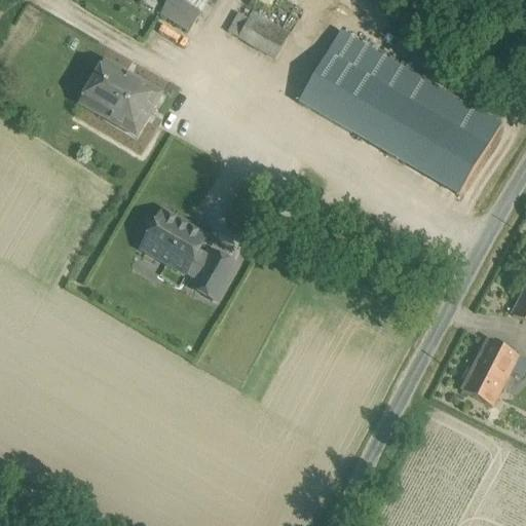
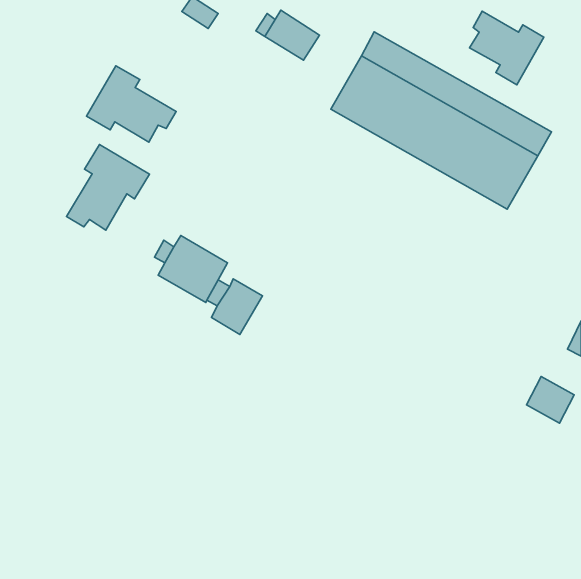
building: none -> [470,11,544,85]
building: none -> [67,144,150,230]
building: [462,366,505,407] -> none

